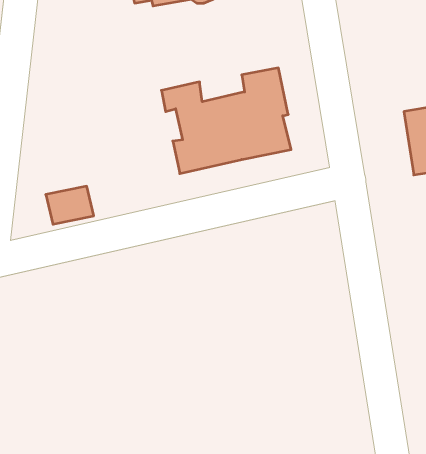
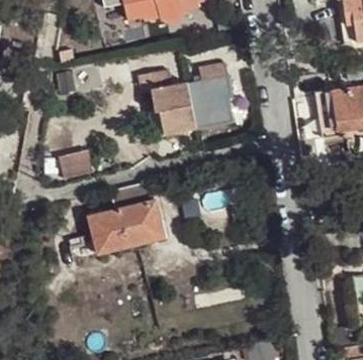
building: none -> [66,182,163,254]

